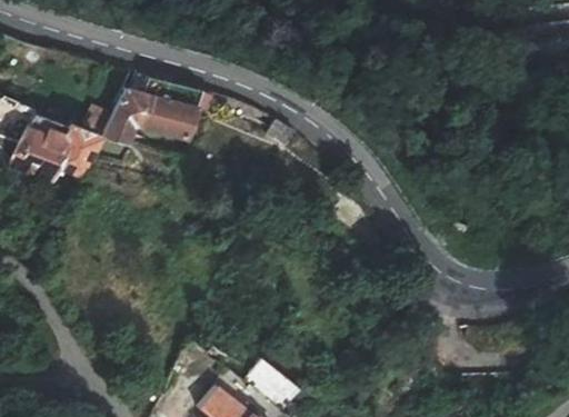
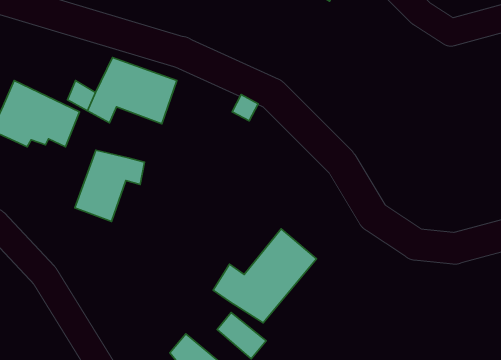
building: none -> [75,150,145,222]
building: none -> [213,229,317,323]

